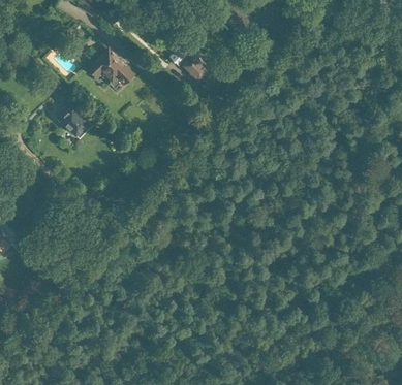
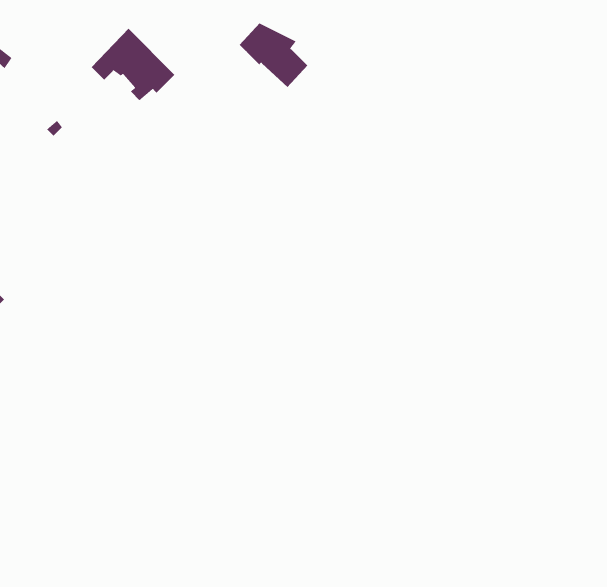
building: [59,106,88,135] -> none

